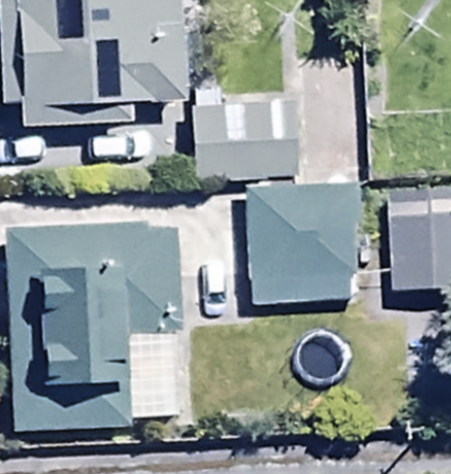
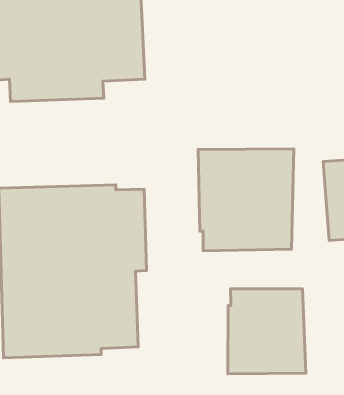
building: [192,84,298,180] -> none
building: none -> [228,289,306,374]

